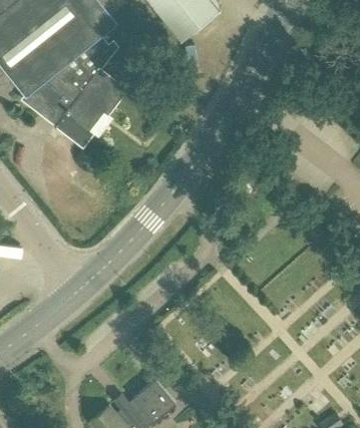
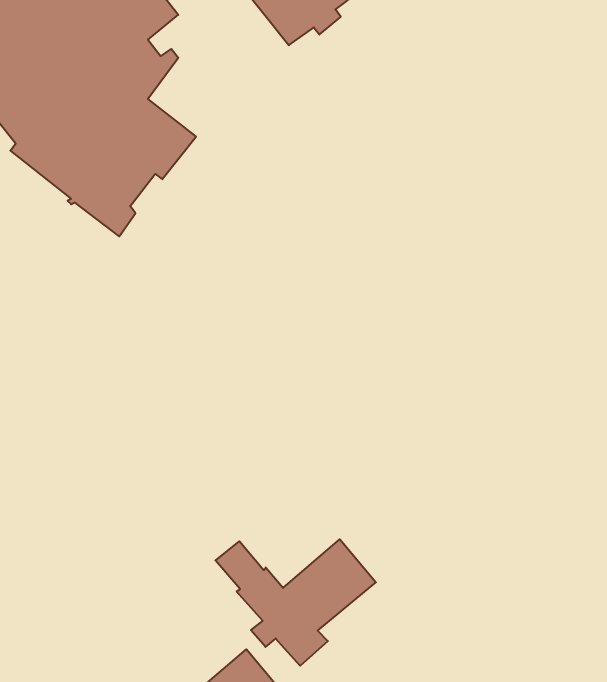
building: none -> [215,539,376,666]

